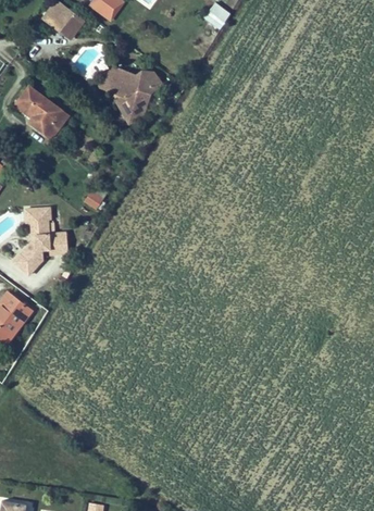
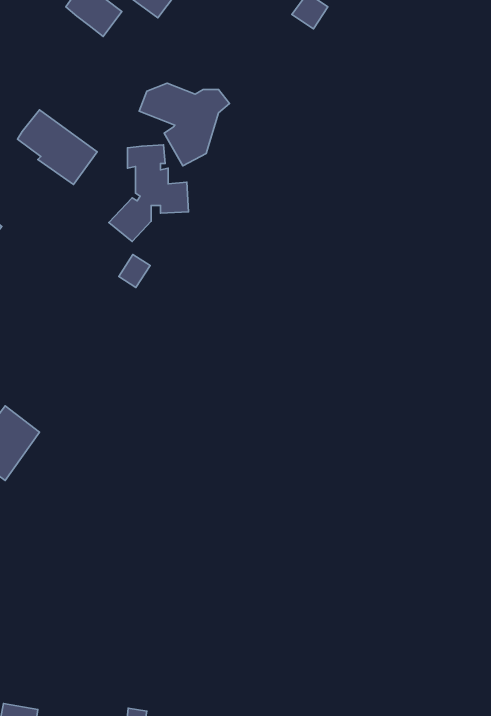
building: [11,207,66,274] -> [109,145,188,241]

